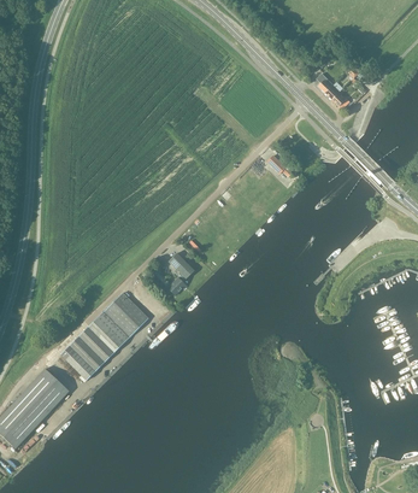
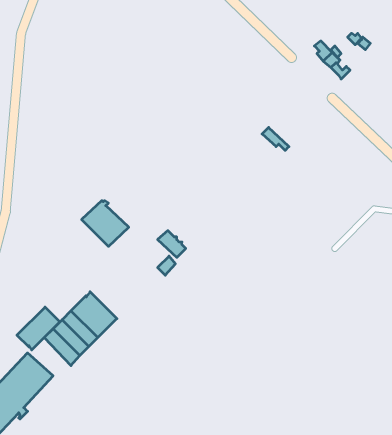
building: [105,292,149,335] -> [82,201,129,246]
building: none -> [17,307,60,350]

